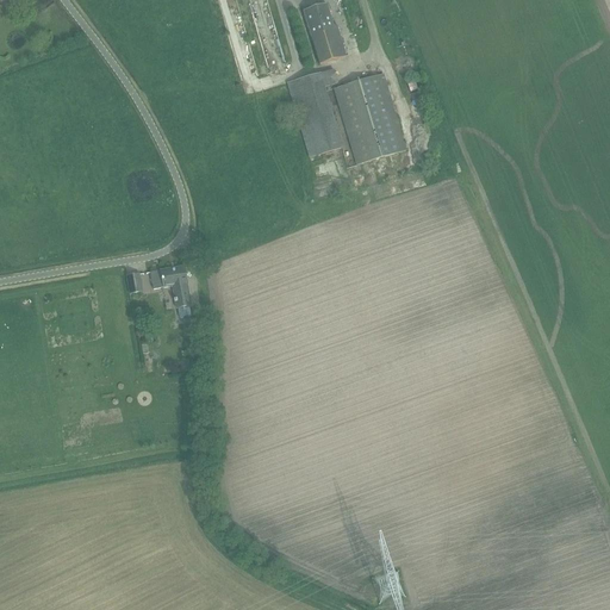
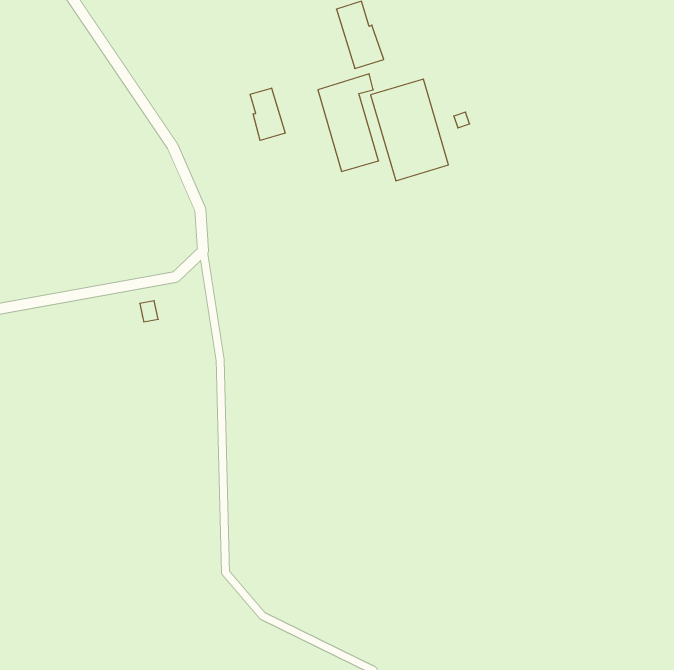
building: none -> [250,88,285,140]
building: [150,264,191,317] -> none

